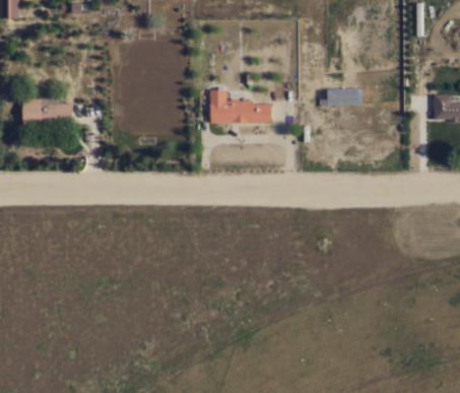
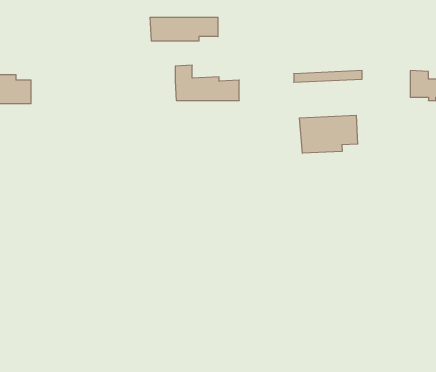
building: none -> [150,17,218,41]
building: none -> [300,115,358,153]

